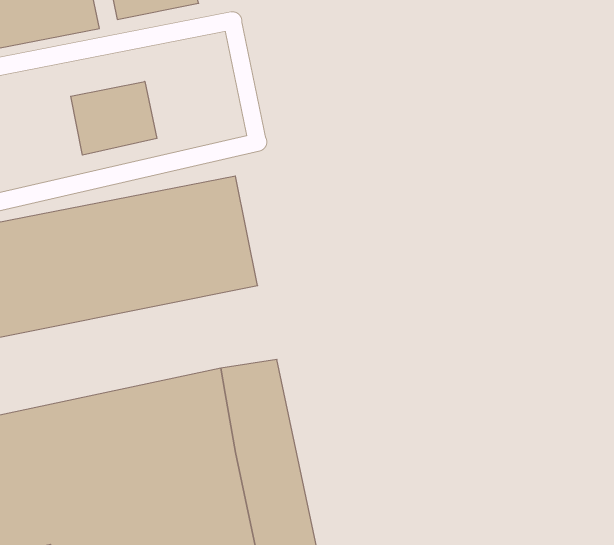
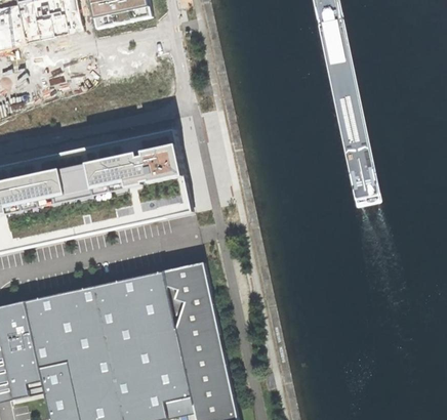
building: [71,81,157,155] -> none

